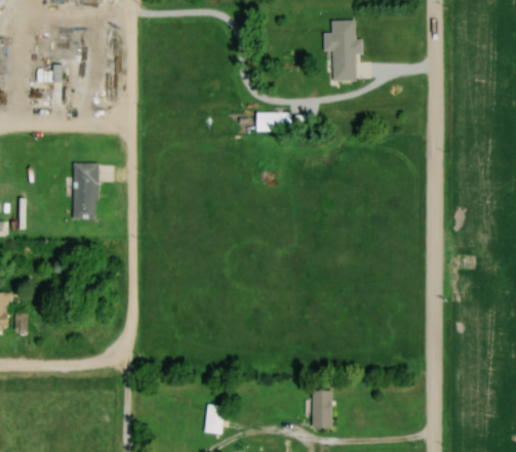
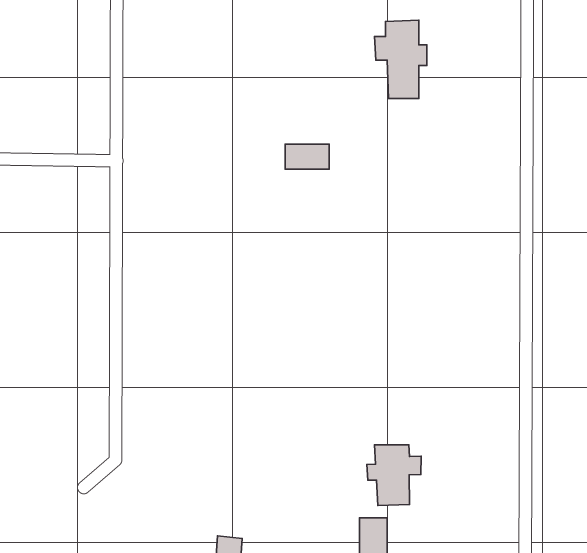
building: [73,162,96,218] -> none
building: none -> [367,445,421,506]

